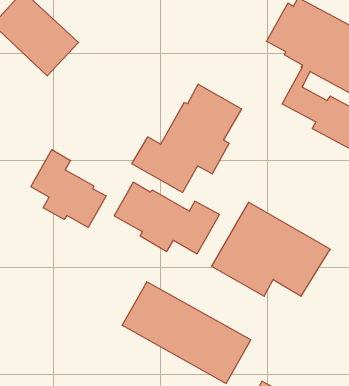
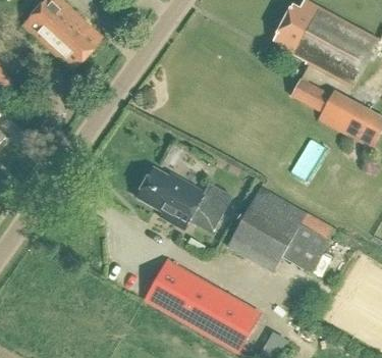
building: [132,84,242,192] -> none
building: [31,149,106,228] -> none

